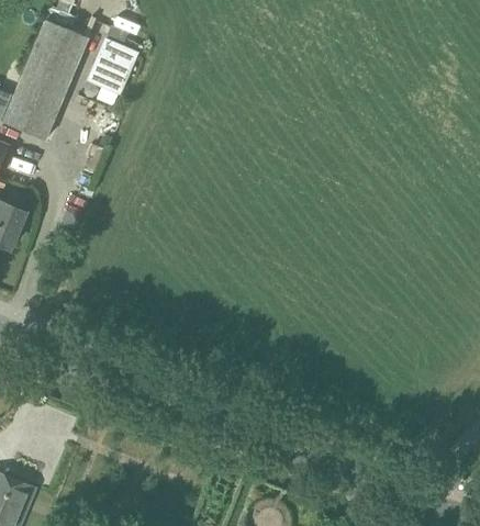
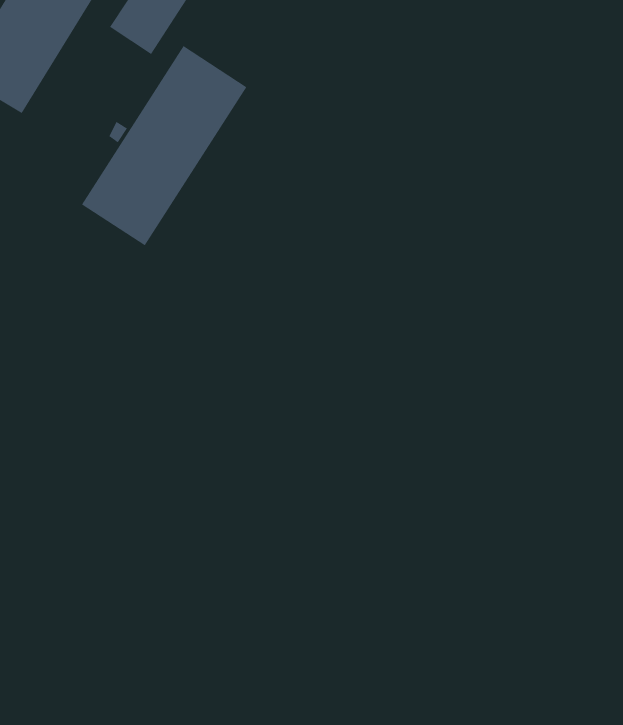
building: none -> [81,45,247,246]

